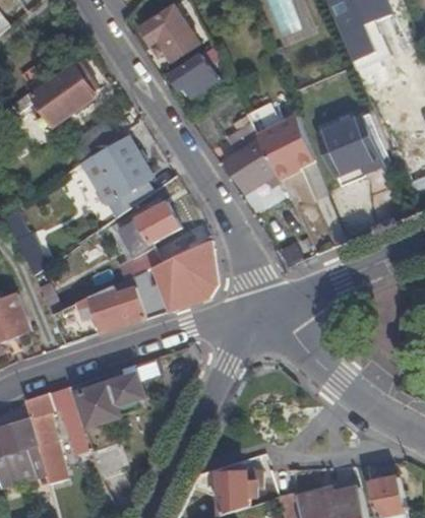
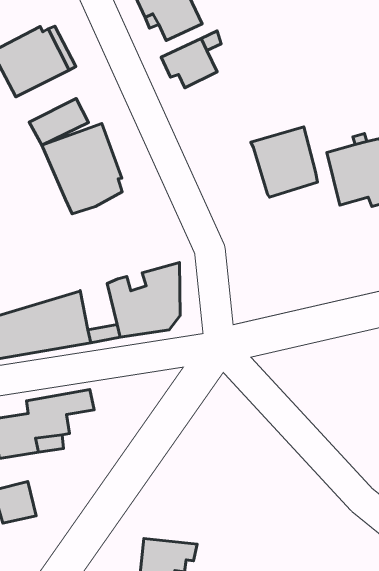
building: [223,137,275,193] -> none
building: [117,204,180,277] -> none

